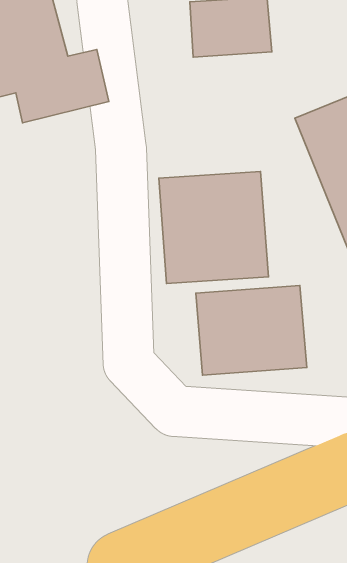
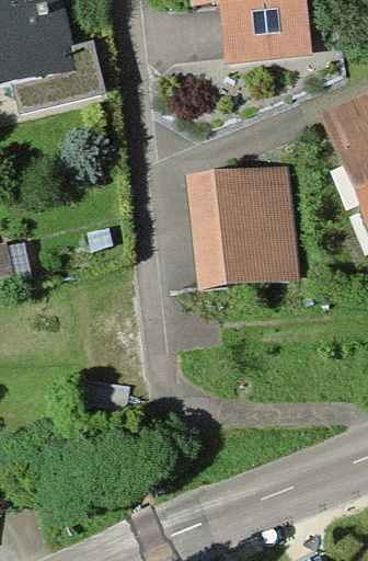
building: [196,285,307,375] -> none

